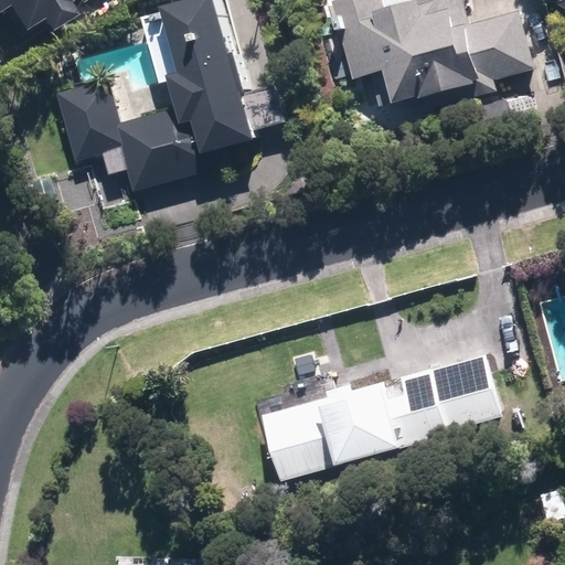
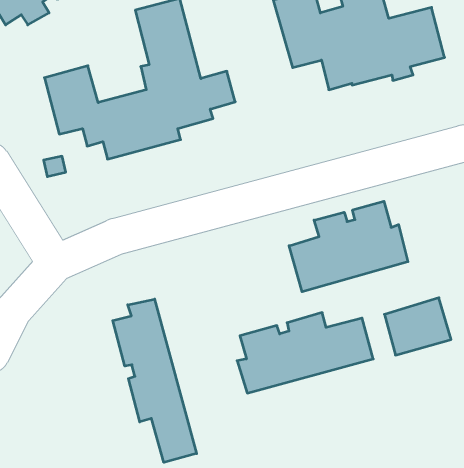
building: none -> [289,201,408,292]
building: none -> [113,299,197,462]

